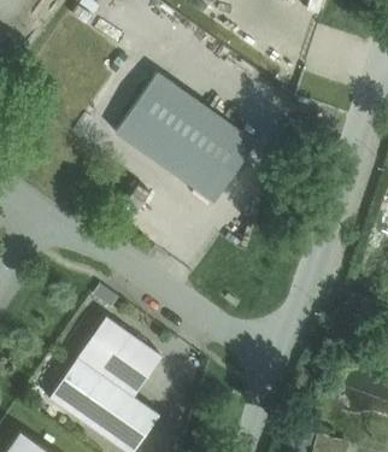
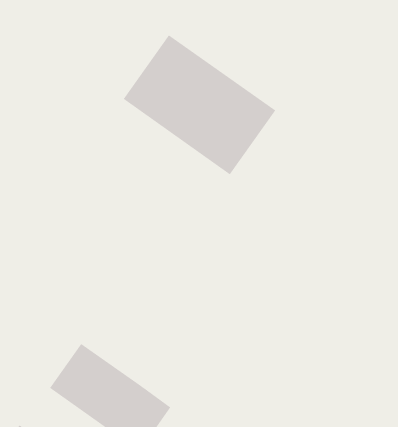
building: [76,316,161,395] -> none

